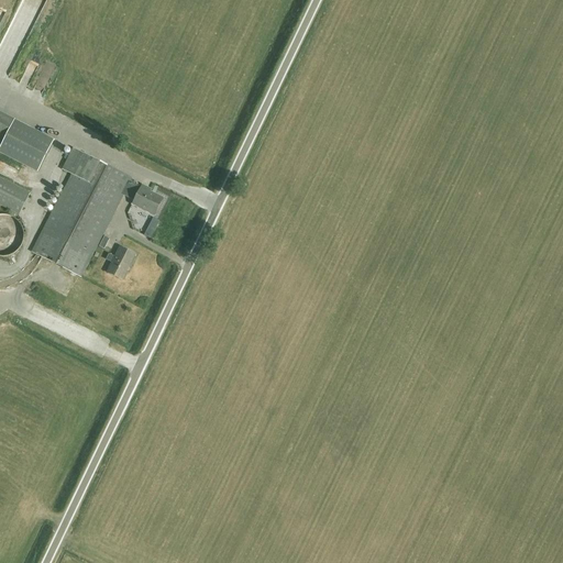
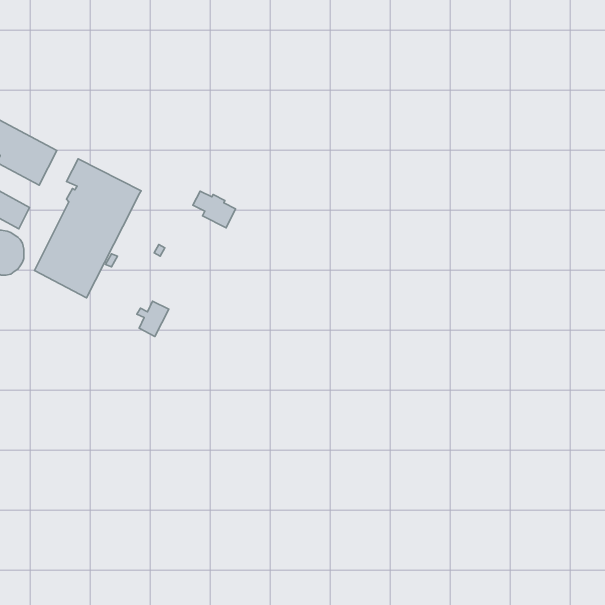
building: [122,180,162,214] -> [193,191,236,228]
building: [104,246,134,279] -> [137,301,169,337]

